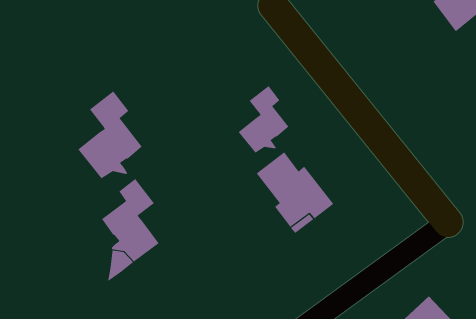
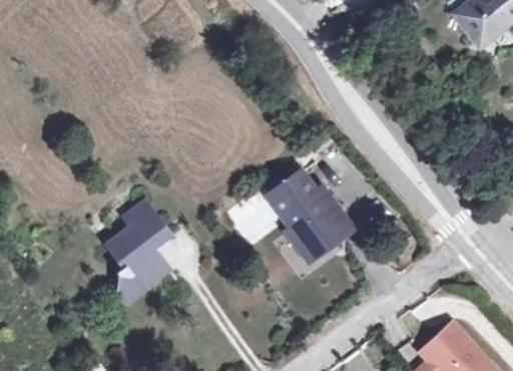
building: [238,85,289,154] -> none
building: [78,91,142,179] -> none

